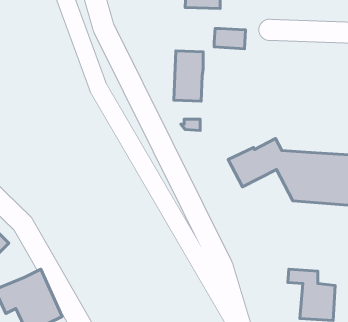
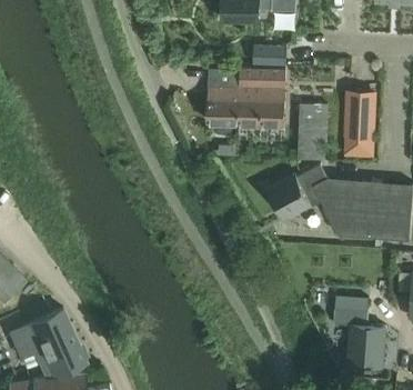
building: none -> [238,69,284,126]
building: none -> [342,90,377,158]
building: none -> [298,104,328,162]

